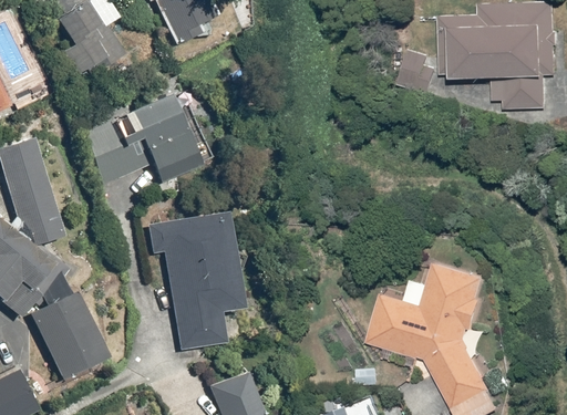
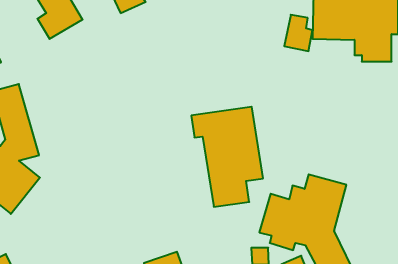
building: [85,95,200,180] -> none
building: [147,210,246,347] -> [191,107,263,207]
building: [31,292,109,377] -> none

